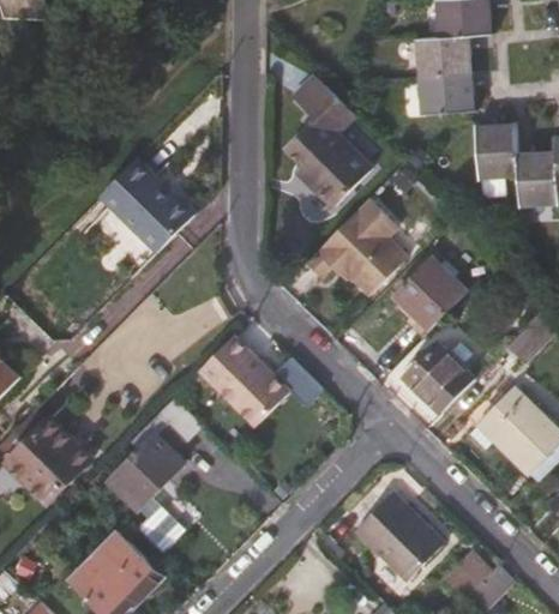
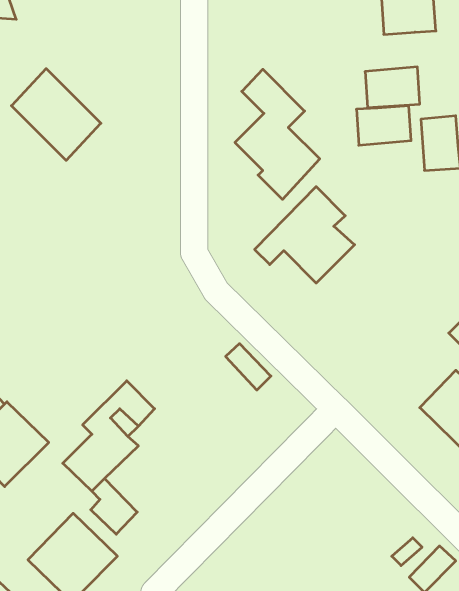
building: [416,36,473,77] -> [356,106,411,145]
building: [101,158,193,253] -> [11,69,101,160]
building: [391,255,468,331] -> none
building: [197,336,290,428] -> none
building: [403,342,474,414] -> none
building: [353,493,441,582] -> none

